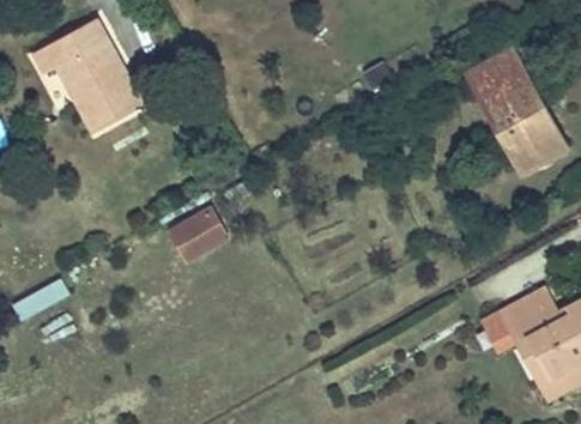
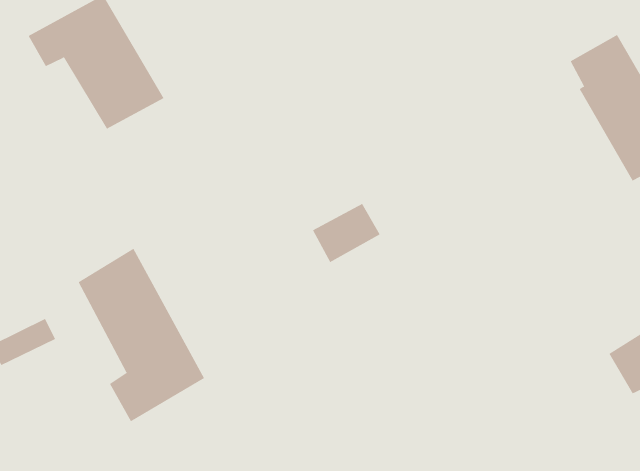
building: [175,204,230,252] -> [312,203,380,263]
building: none -> [78,248,205,422]

